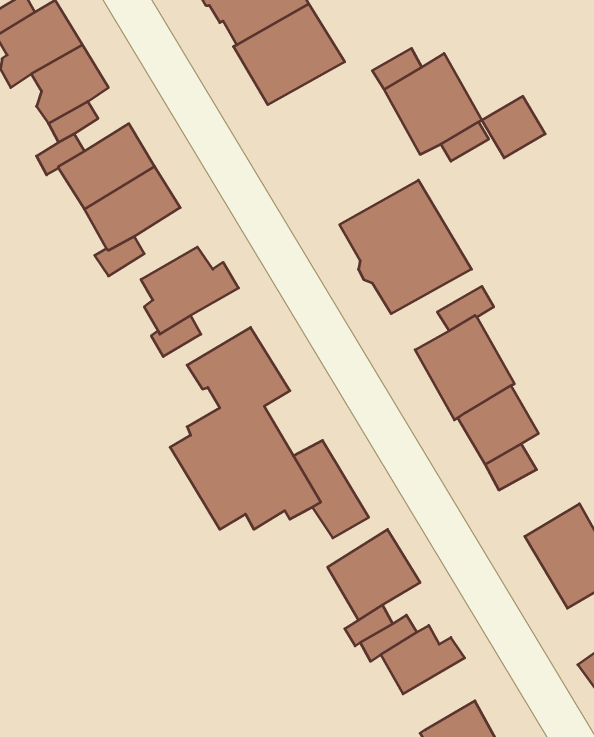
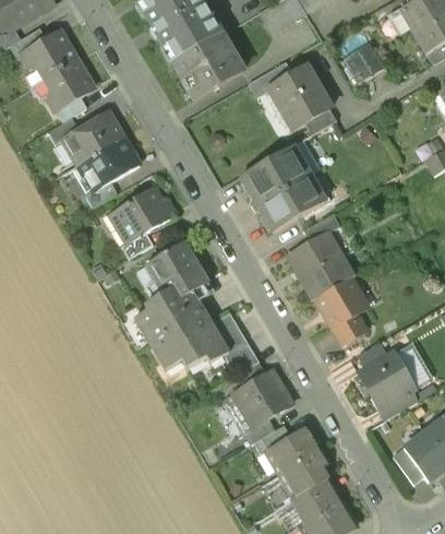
building: [482,96,545,158] -> [344,43,384,82]
building: none -> [281,450,328,496]

